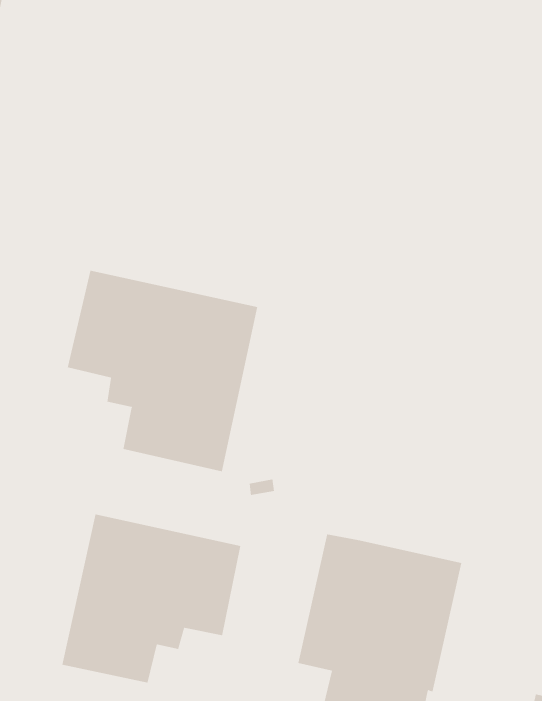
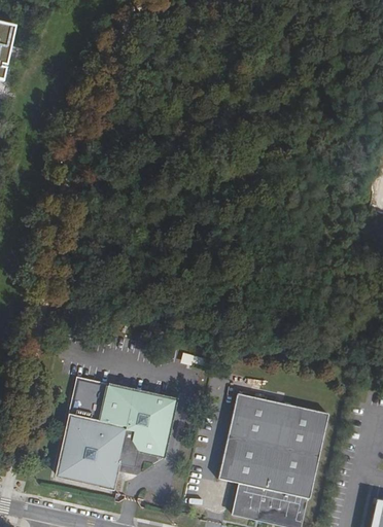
building: [67,270,258,472] -> none

